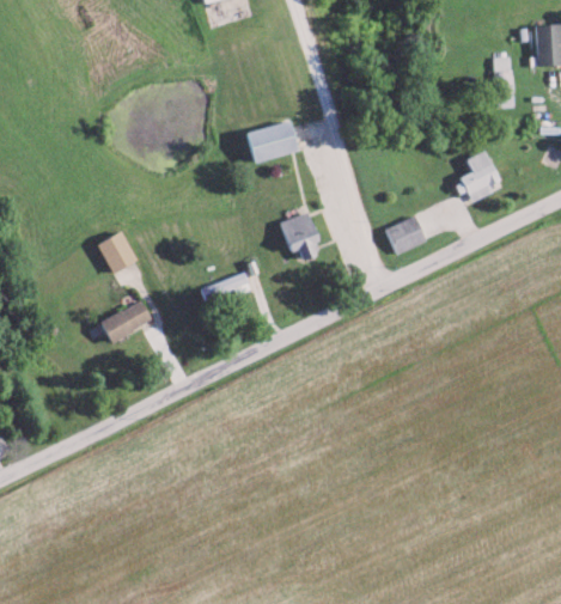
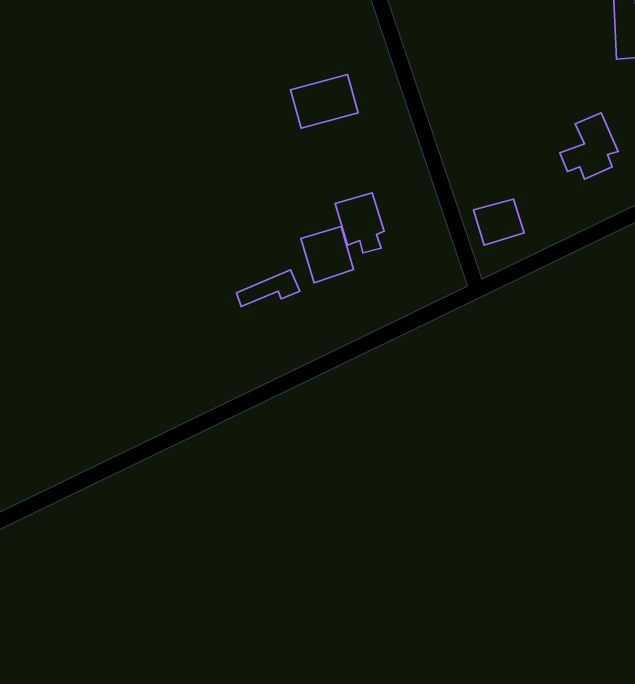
building: [97,232,135,273] -> none
building: none -> [301,227,353,283]
building: [100,299,152,342] -> none

